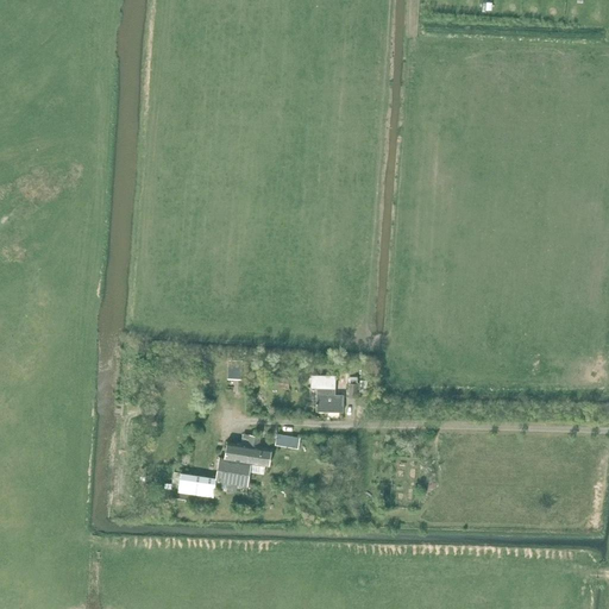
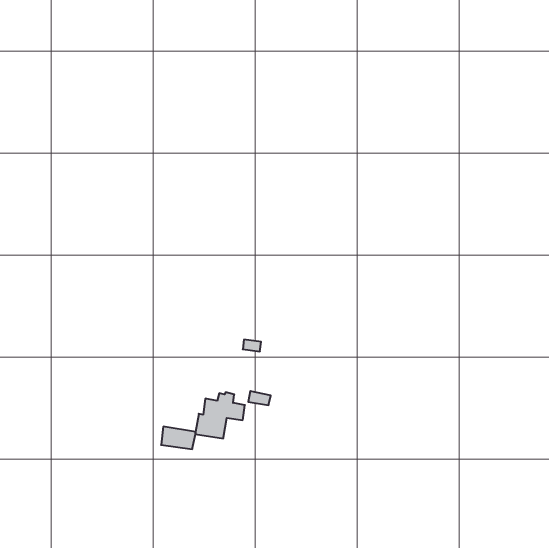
building: [310,376,343,413] -> none

